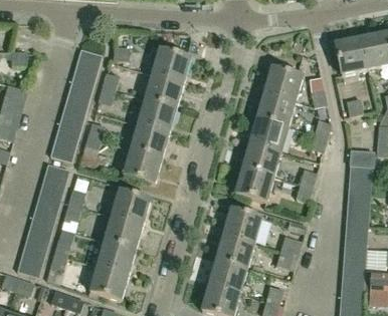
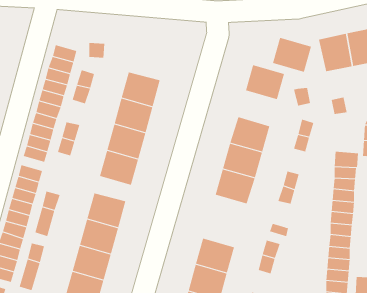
building: [152,47,191,81] -> none
building: [257,91,296,125] -> [272,37,312,73]
building: [223,208,262,242] -> none

